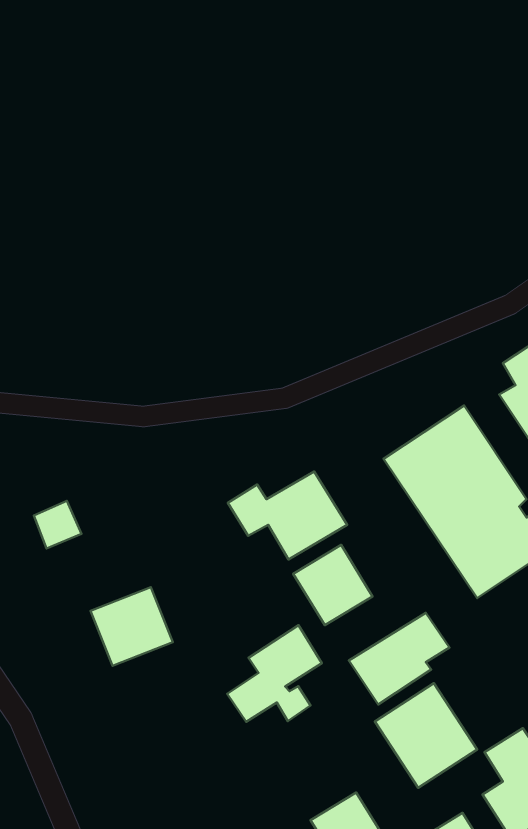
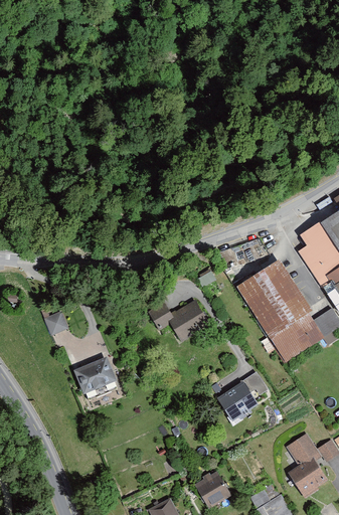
building: [293,545,373,625] -> none
building: [227,625,322,722] -> none
building: [375,683,477,788] -> none

